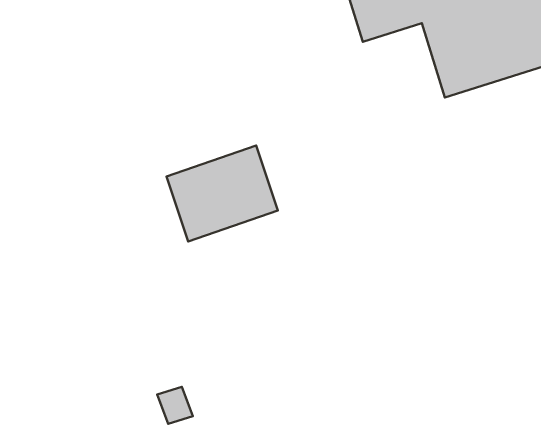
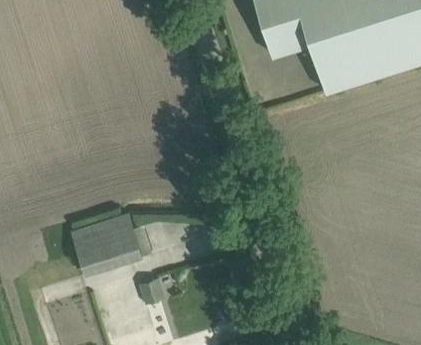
building: [166,146,278,241] -> [71,214,143,276]

